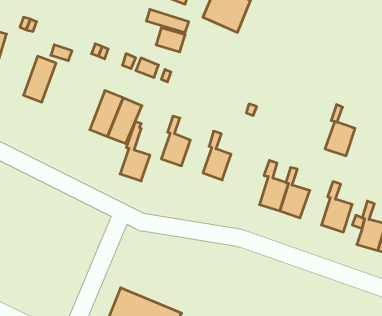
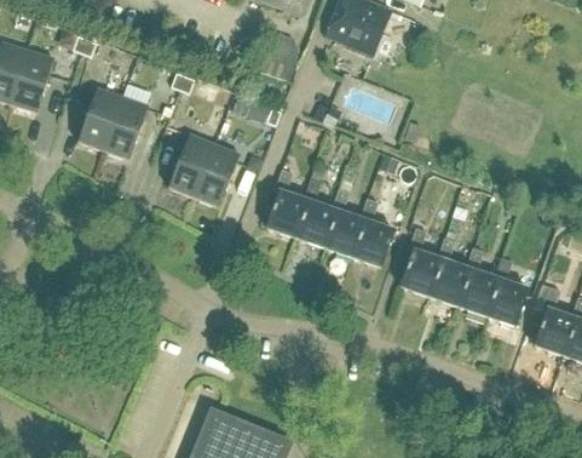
building: none -> [103,97,148,160]
building: [325,105,355,156] -> [456,248,497,319]
building: [120,122,150,181] -> [294,166,335,247]
building: none -> [350,199,394,268]

